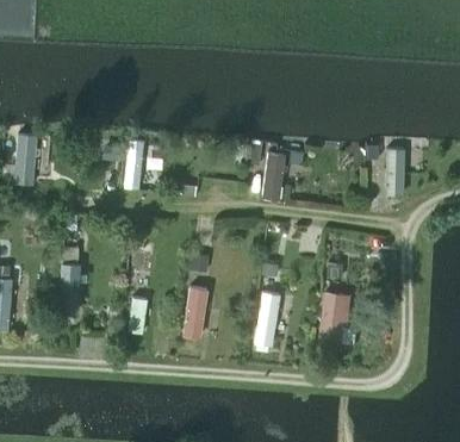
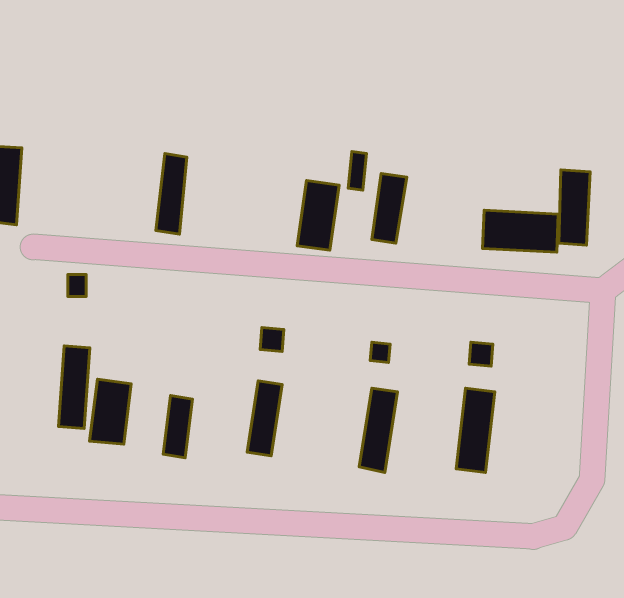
building: none -> [297,181,339,250]
building: none -> [483,210,558,252]
building: none -> [90,379,131,444]

